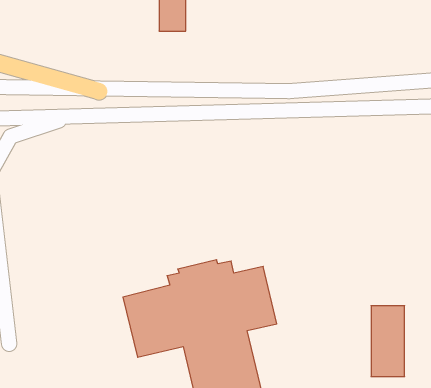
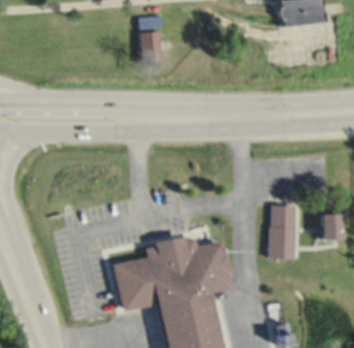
building: none -> [321,212,342,240]
building: [371,306,405,377] -> [268,203,294,258]

